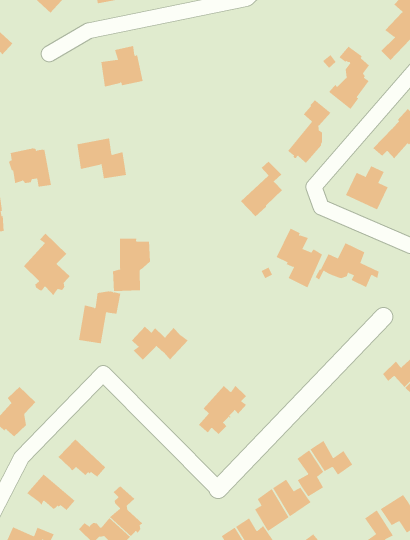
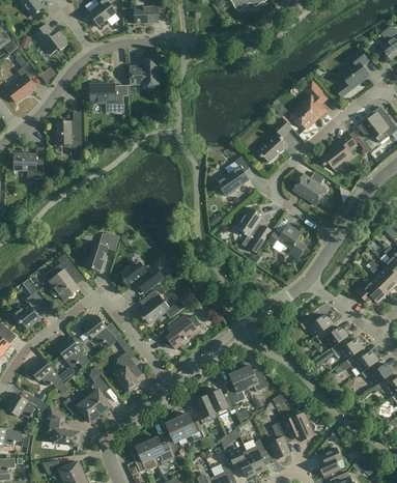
building: [76,138,127,179] -> [90,83,123,112]
building: [23,233,71,296] -> [46,253,79,300]
building: [112,238,151,292] -> none
building: none -> [137,288,170,323]
building: none -> [83,314,117,345]
building: none -> [115,350,139,391]

